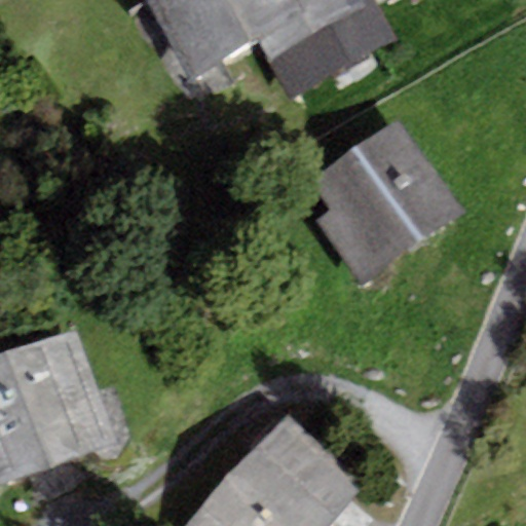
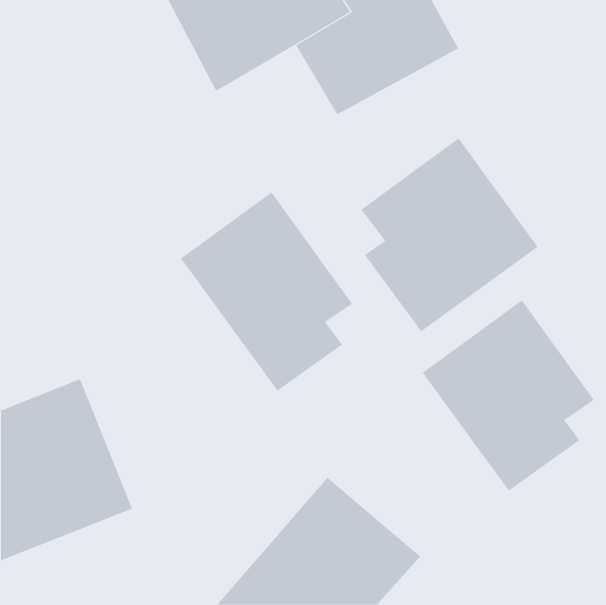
building: none -> [180,192,353,391]
building: none -> [422,300,594,492]

